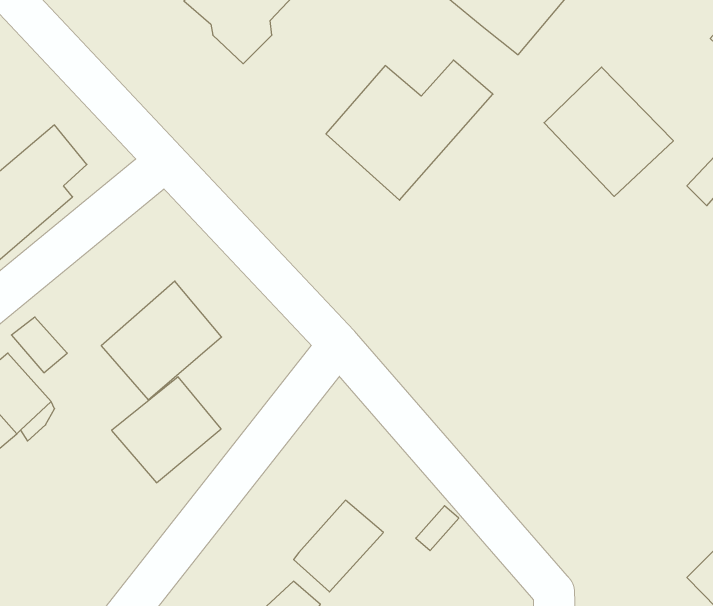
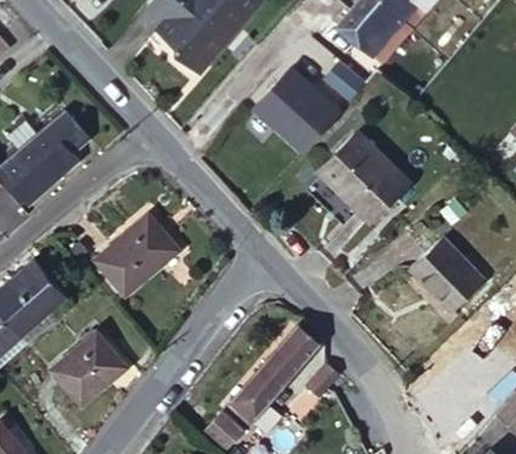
building: [544,67,673,196] -> [319,129,405,216]
building: none -> [409,234,480,307]
building: [112,377,221,483] -> [57,332,130,403]
building: none -> [265,325,324,384]

